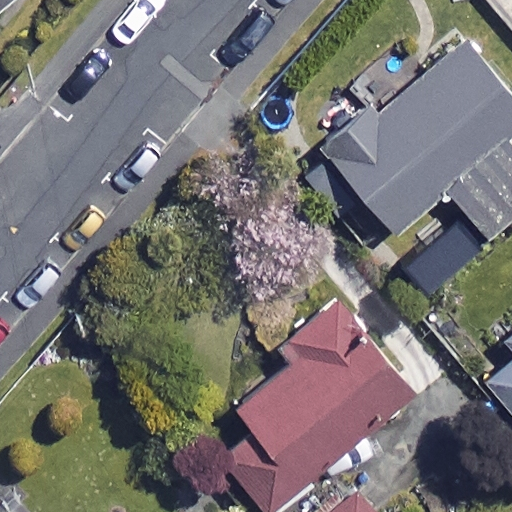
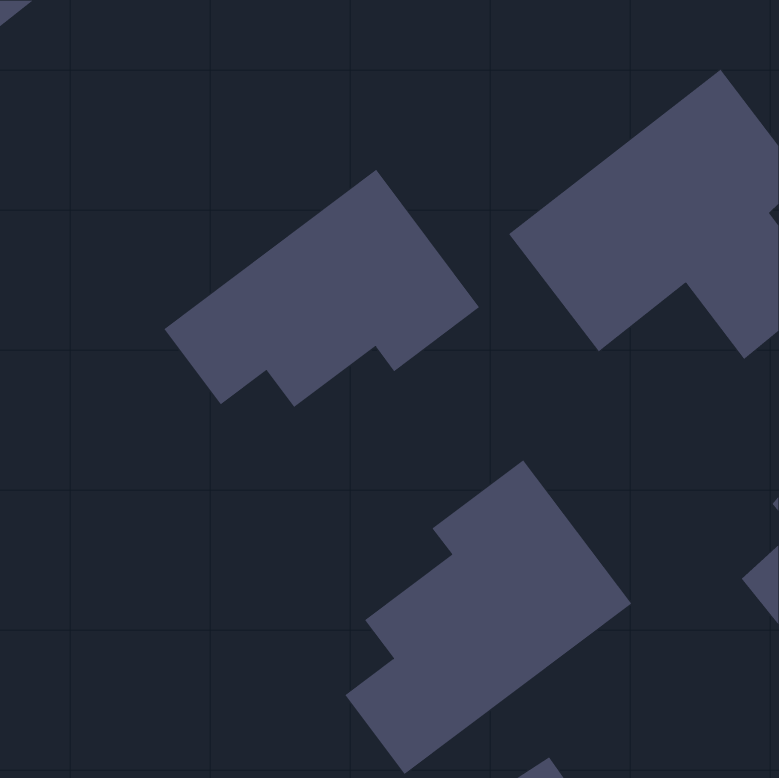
building: none -> [163,169,480,408]

